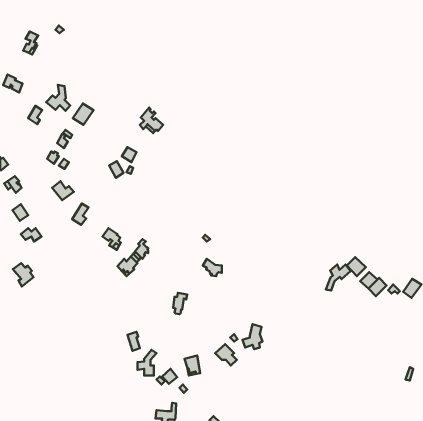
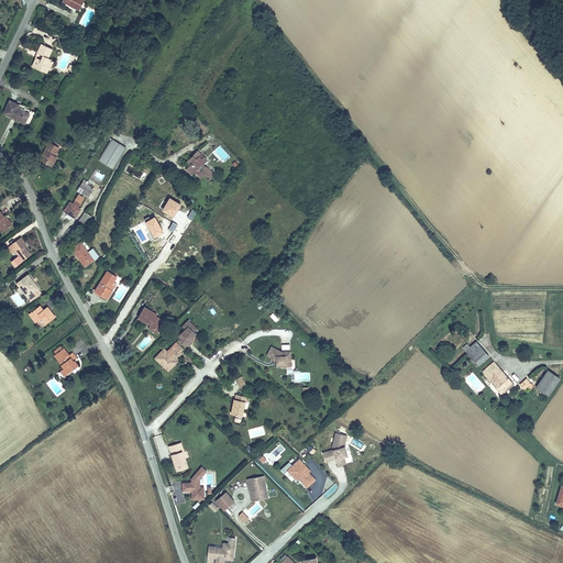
building: [46,85,70,111] -> none
building: [13,263,34,286] -> [51,347,78,378]
building: [326,265,350,290] -> none

